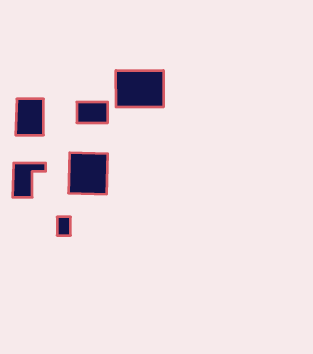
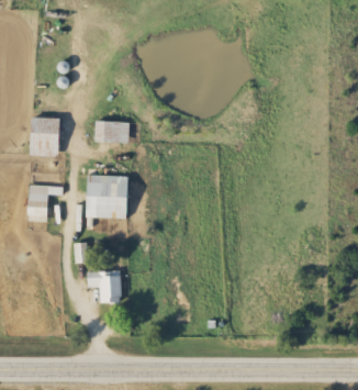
building: [116,70,163,107] -> none
building: none -> [86,270,121,302]

